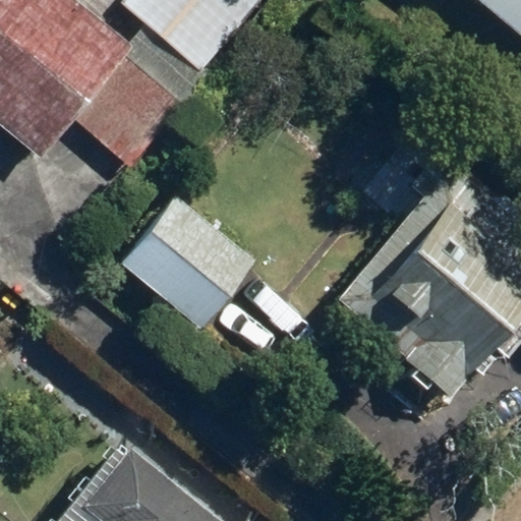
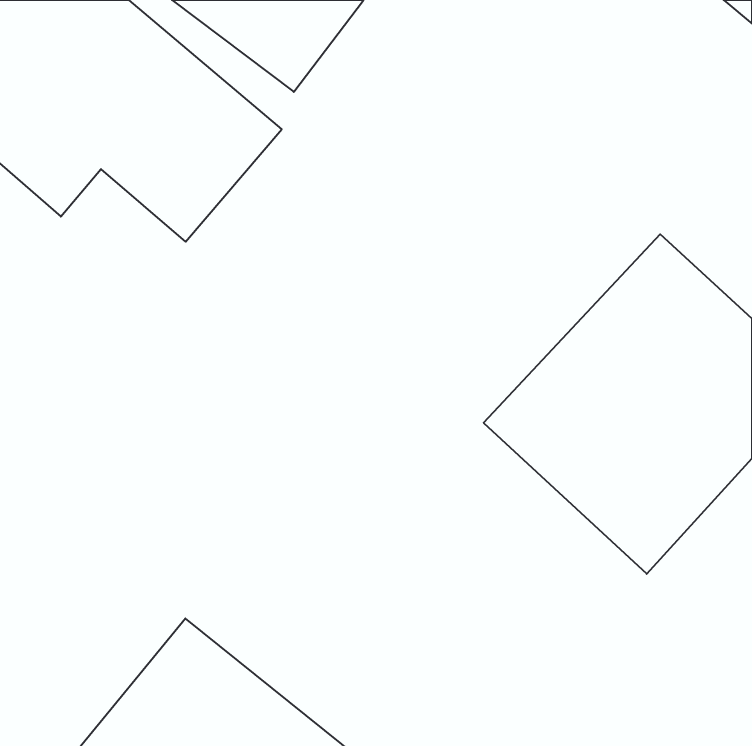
building: [116,192,257,333] -> none

